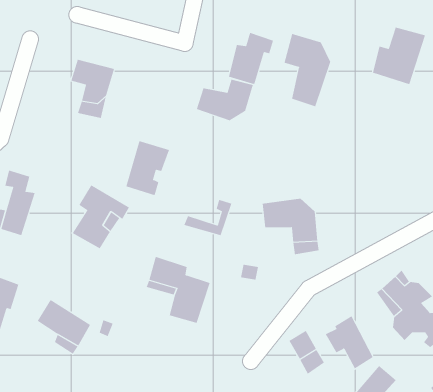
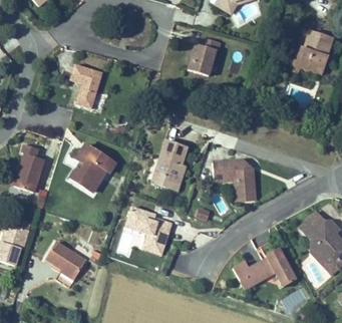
building: [284,33,331,107] -> none
building: [196,79,254,121] -> none
building: [125,141,170,196] -> [157,139,191,181]

